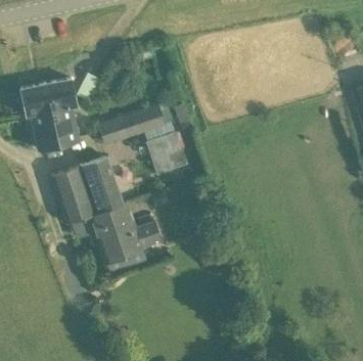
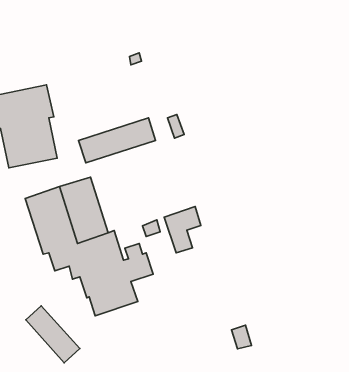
building: [148,134,180,174] -> [164,206,201,253]
building: none -> [26,306,80,363]

